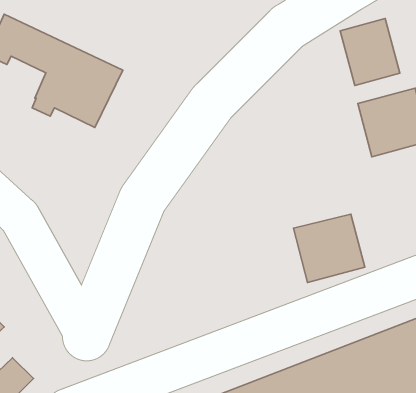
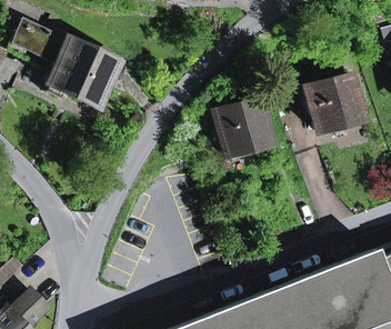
building: [340,19,400,86] -> none
building: [294,214,365,283] -> [214,101,271,156]

